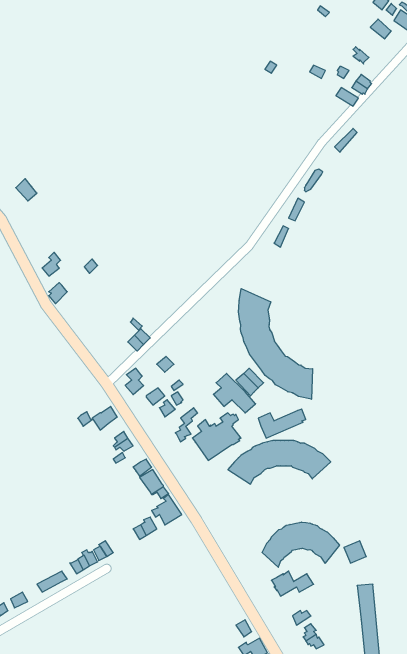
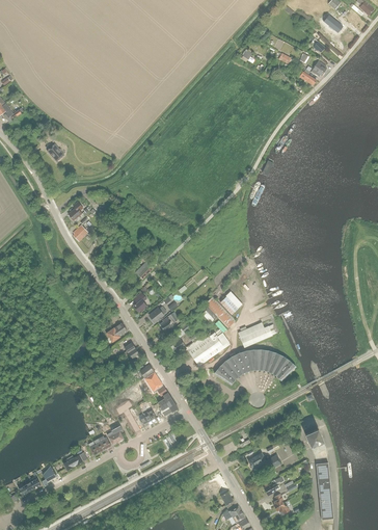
building: [238,289,313,399] -> none
building: [262,522,339,567] -> none

